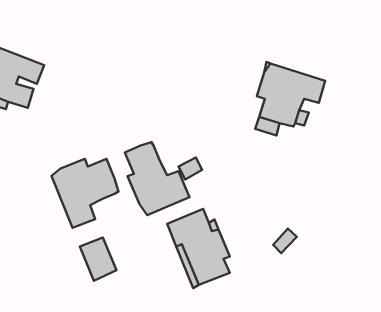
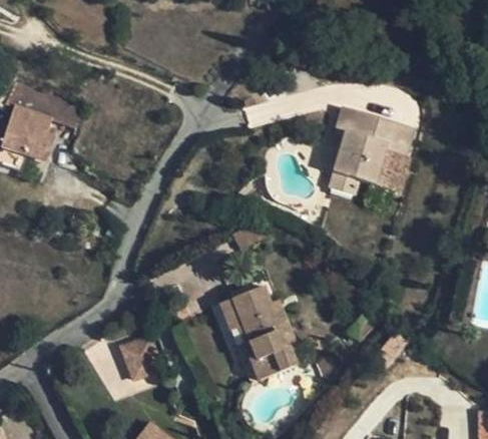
building: [125,142,189,215] -> none
building: [52,159,119,228] -> none

